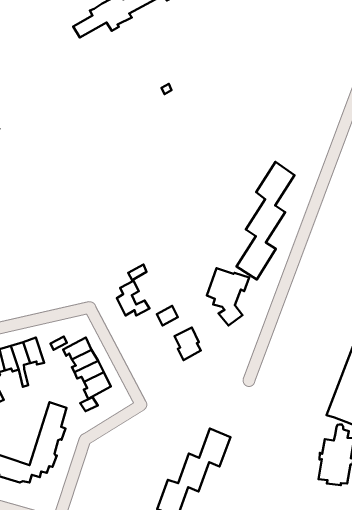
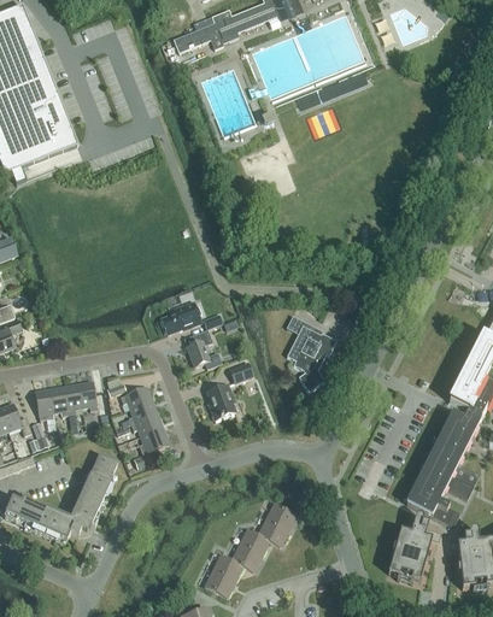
building: [237,162,294,279] -> none
building: none -> [160,300,201,334]
building: [174,328,201,360] -> [207,384,235,419]

